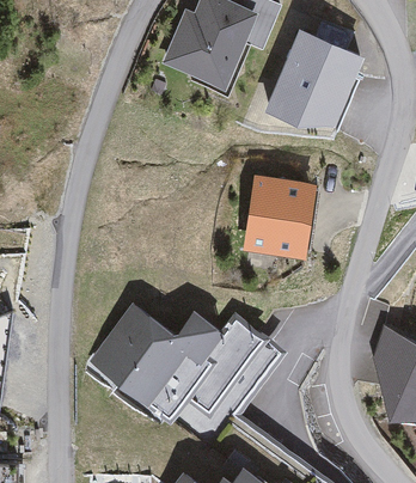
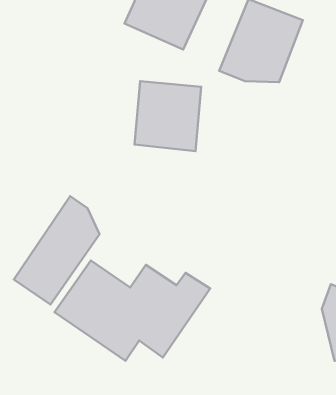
building: [252,183,323,257] -> [134,81,201,151]
building: none -> [14,196,99,305]

